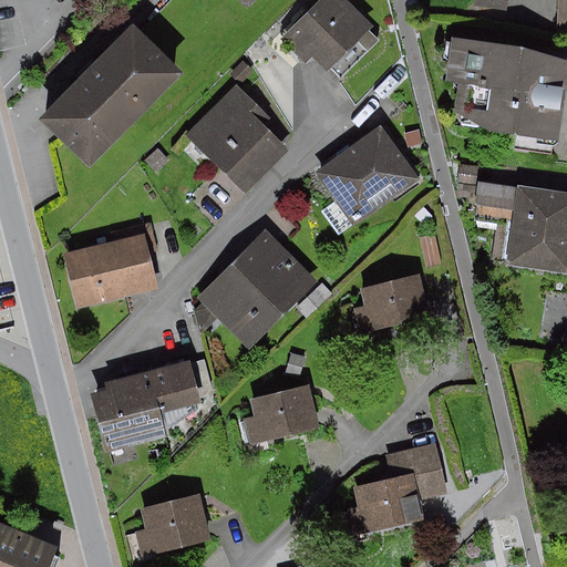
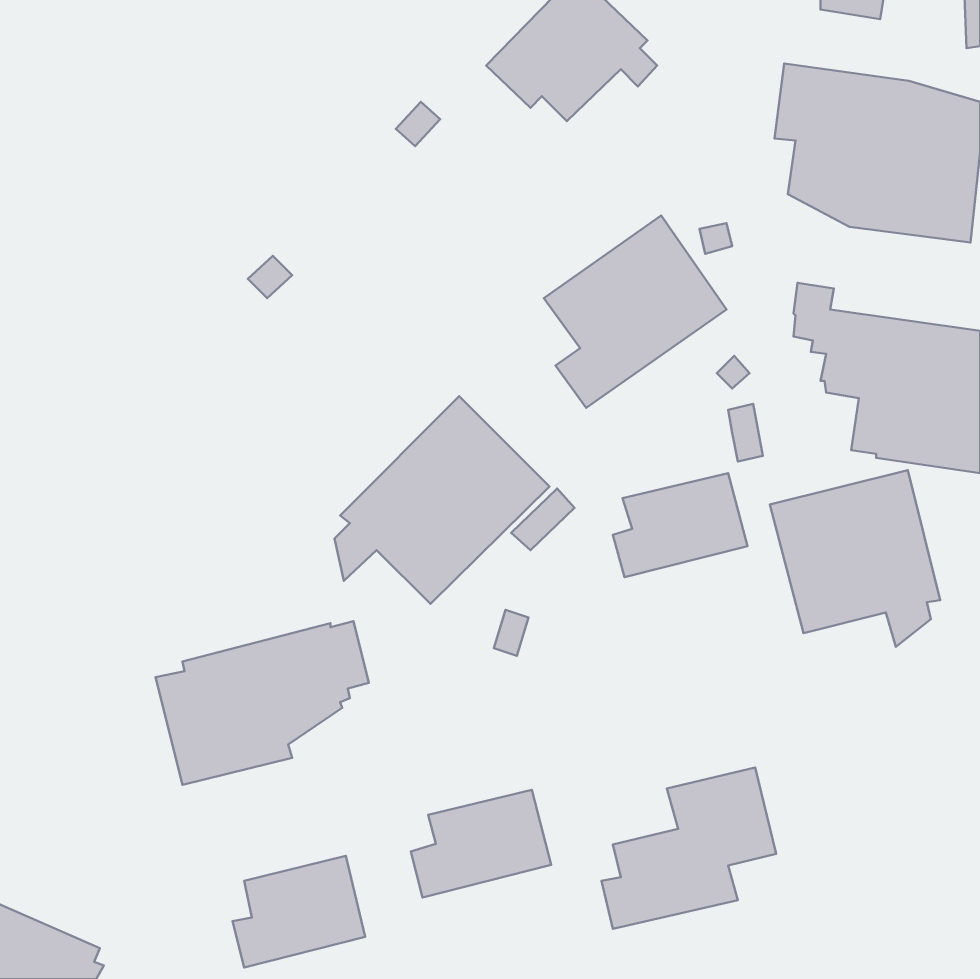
building: [39,22,184,166] -> none
building: [186,84,290,193] -> none
building: [63,221,158,307] -> none
building: none -> [770,470,940,647]
building: [239,383,320,445] -> [411,790,551,898]

